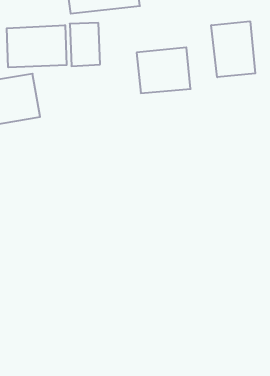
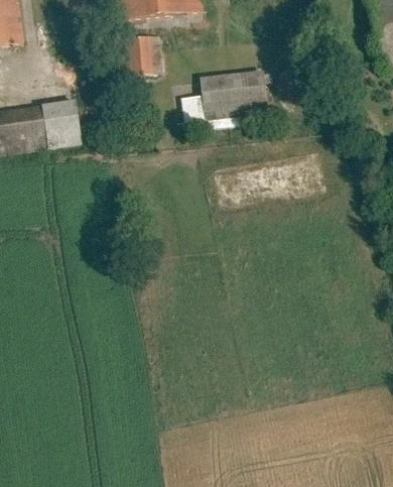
building: [211,21,255,77] -> none
building: [7,25,67,67] -> none

